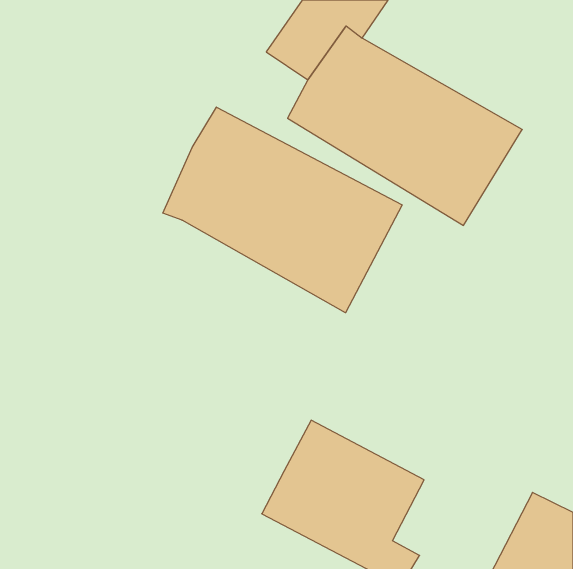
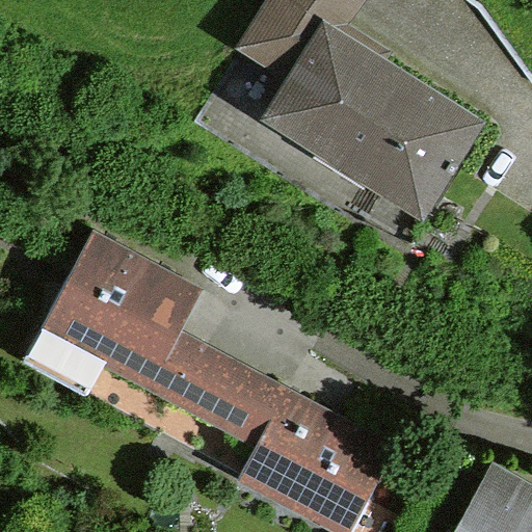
building: [163,107,402,313] -> none
building: none -> [27,233,287,441]

